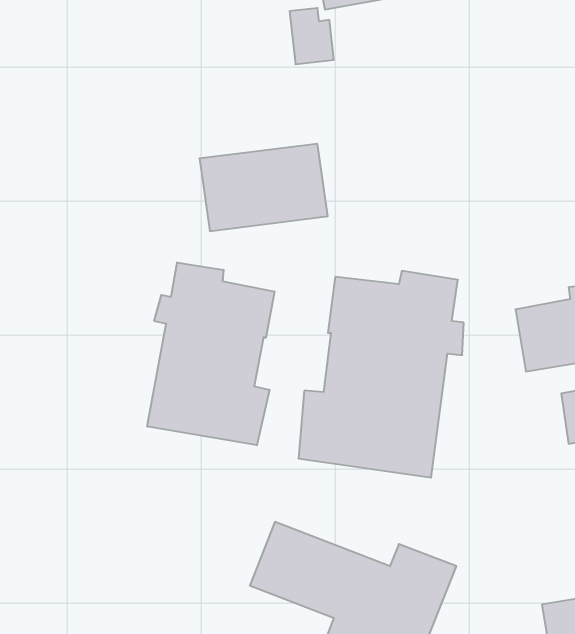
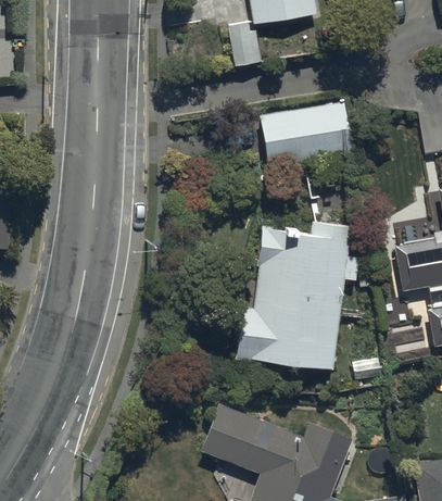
building: [199,144,328,231] -> [257,101,352,165]
building: [147,262,274,445] -> none

